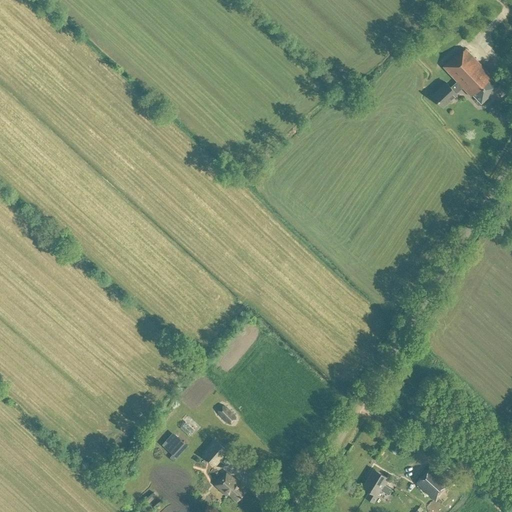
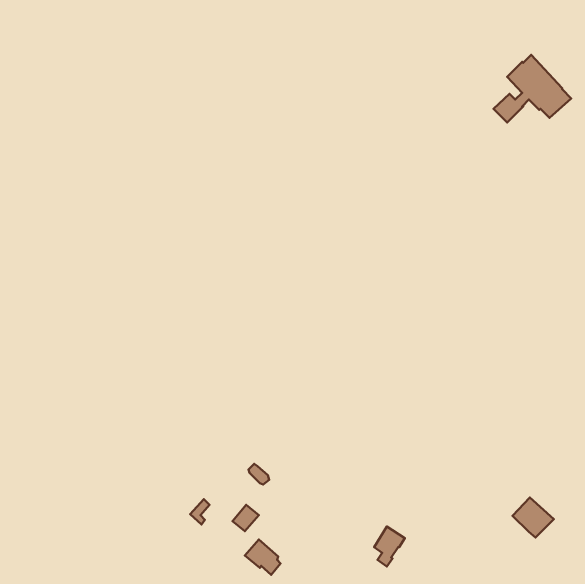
building: [415,467,451,502] -> [513,497,554,538]
building: [362,469,389,504] -> [374,527,405,567]

